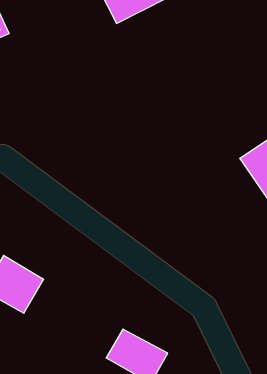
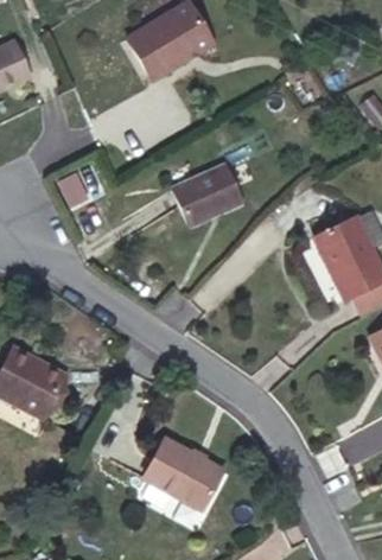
building: none -> [170,159,241,223]

